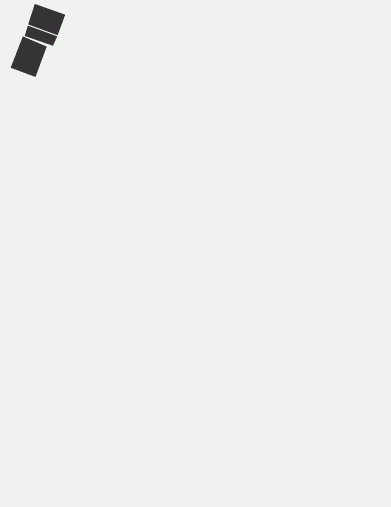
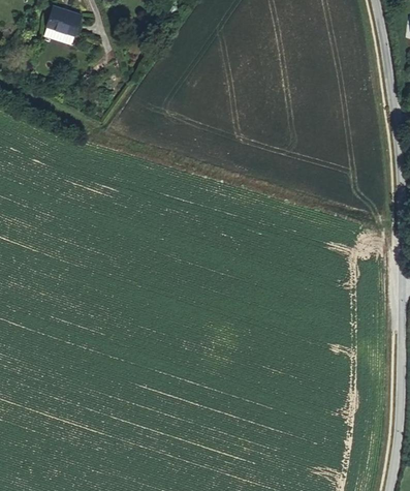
building: [10,36,48,78] -> none

